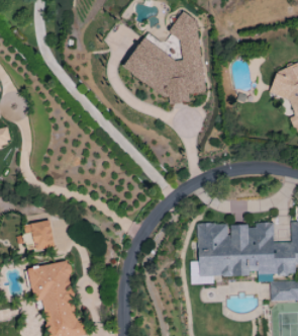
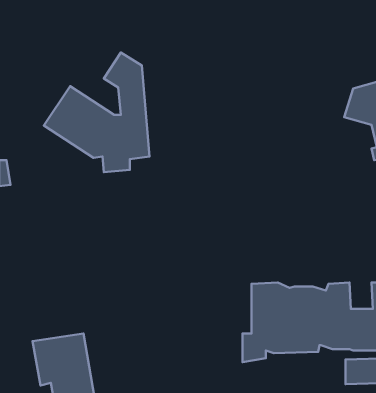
building: [123,11,205,104] -> [44,52,150,172]
building: [23,220,56,250] -> none

